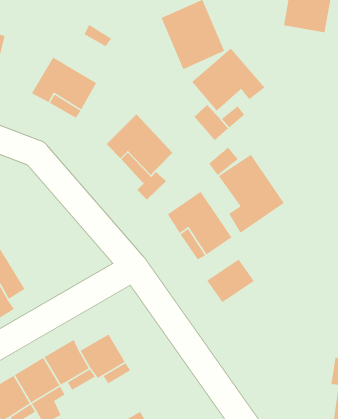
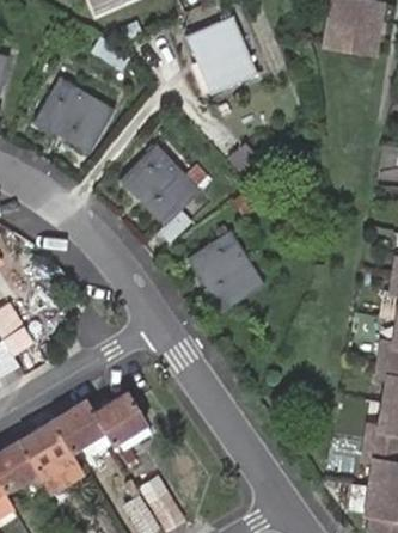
building: [191,47,266,112] -> none
building: [218,154,285,234] -> none
building: [206,258,255,303] -> none

